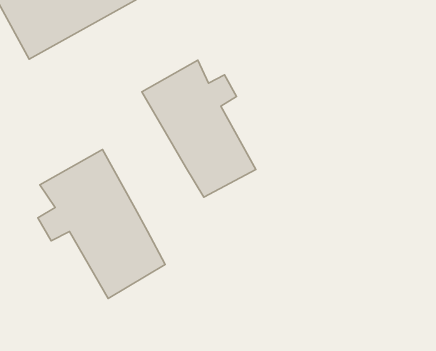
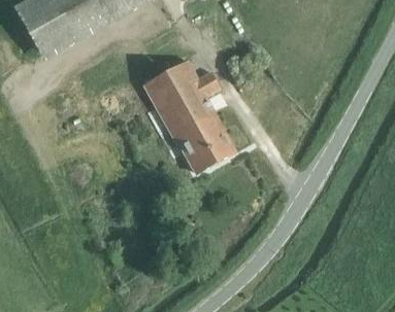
building: [38,149,165,298] -> none

